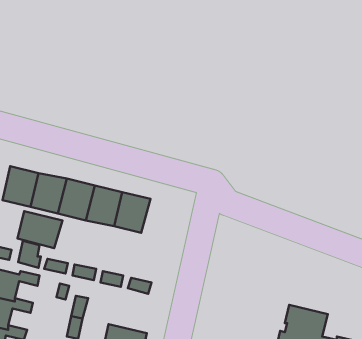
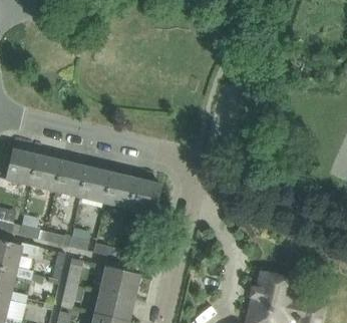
building: none -> [128,179,160,215]
building: [17,211,63,248] -> none
building: none -> [99,266,139,298]

